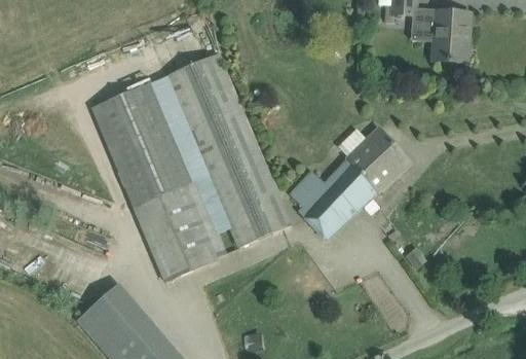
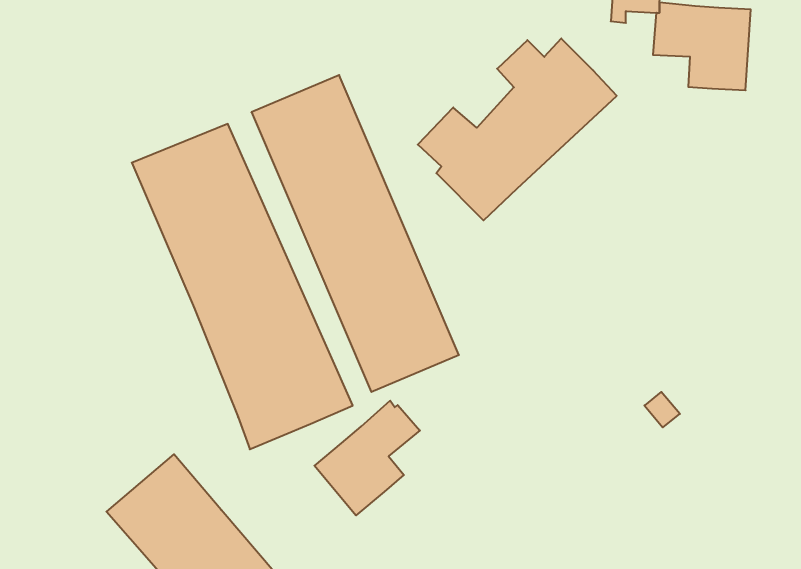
building: [288,127,409,238] -> [418,38,617,220]
building: none -> [314,401,420,515]

